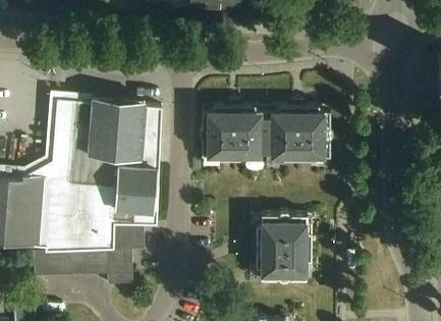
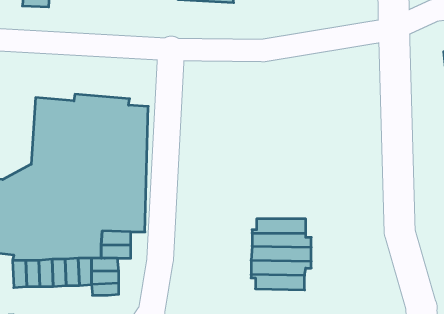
building: [201,100,329,160] -> none

